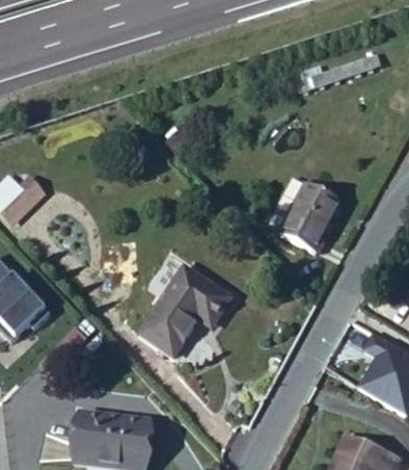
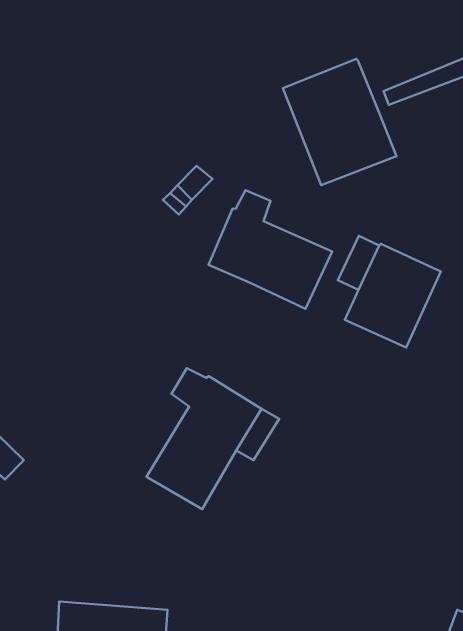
building: none -> [283,59,396,185]
building: none -> [209,190,332,309]

